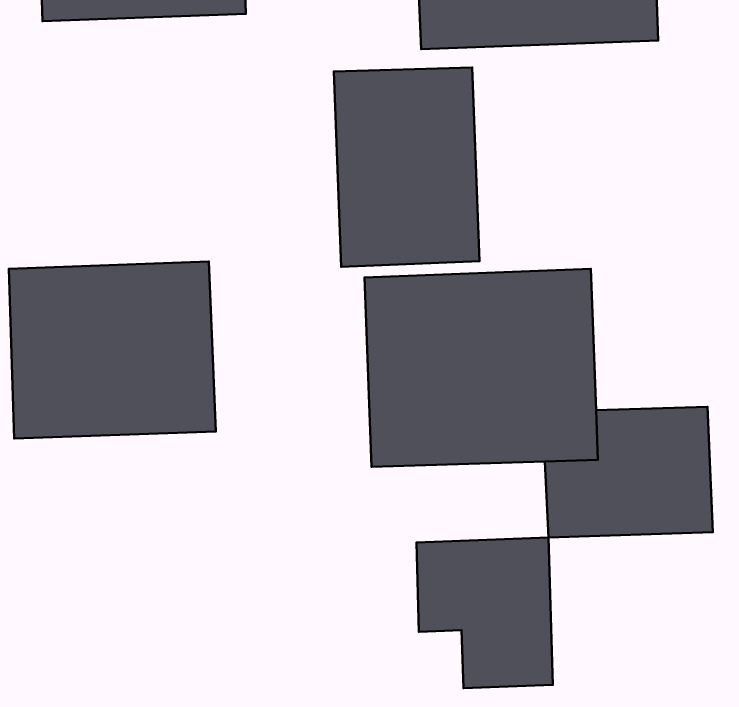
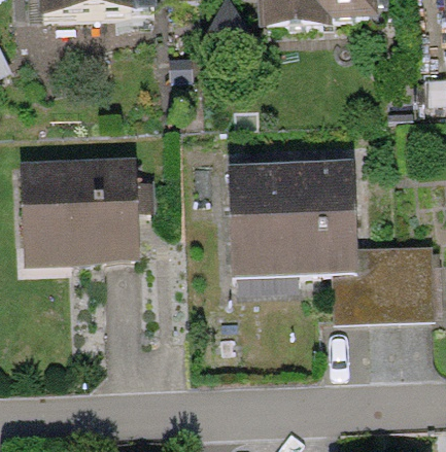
building: [334,67,479,267] -> none
building: [417,538,553,688] -> none

